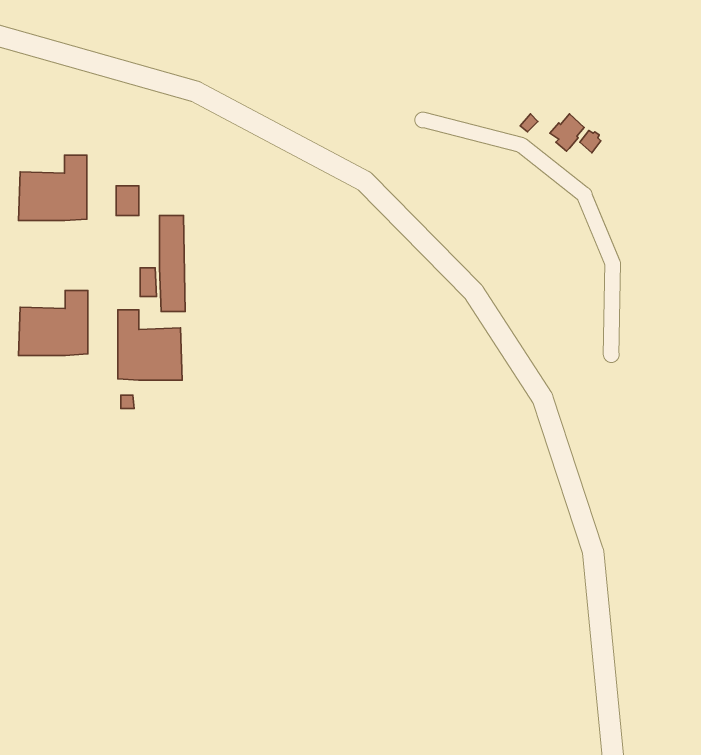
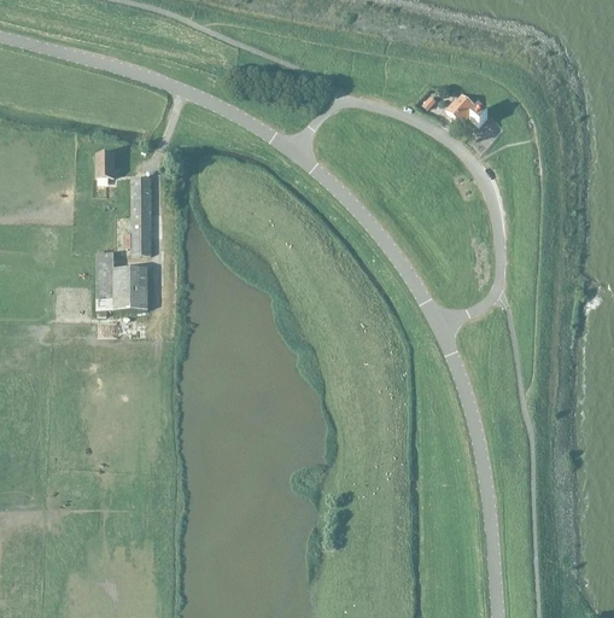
building: [19,155,87,220] -> none
building: [19,291,88,355] -> none

